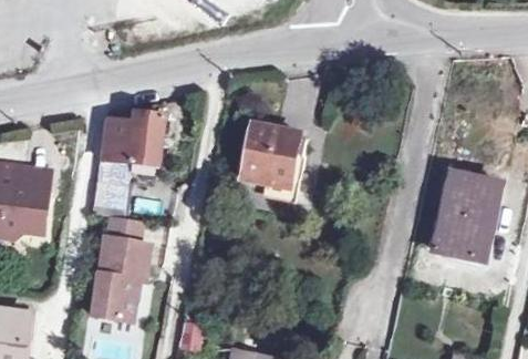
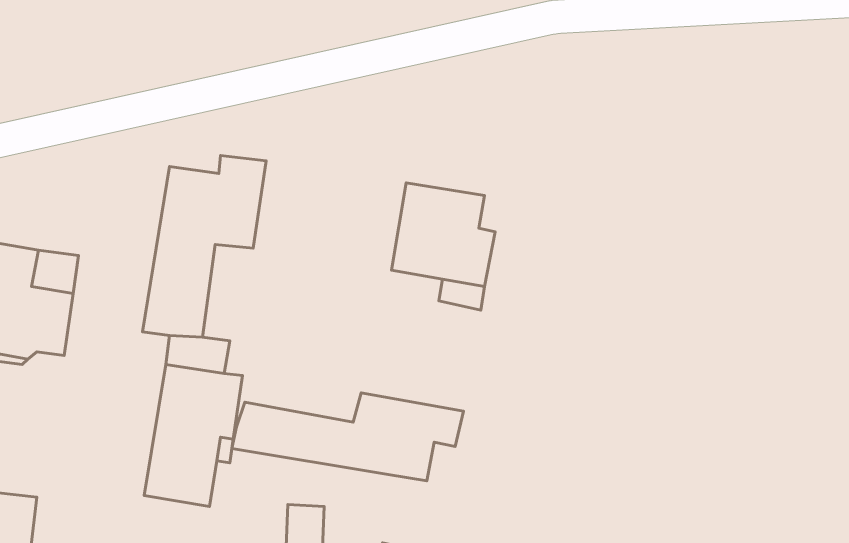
building: [433,171,499,258] -> none
building: none -> [232,393,464,481]

